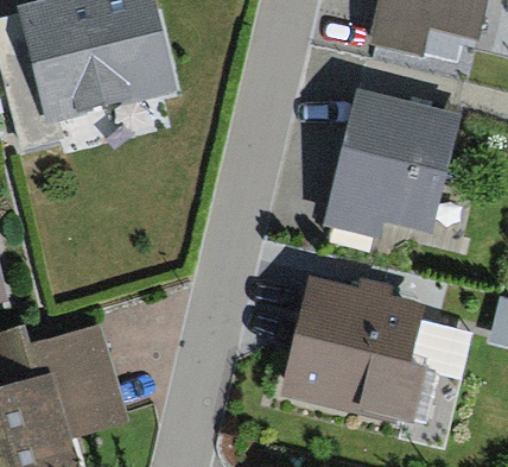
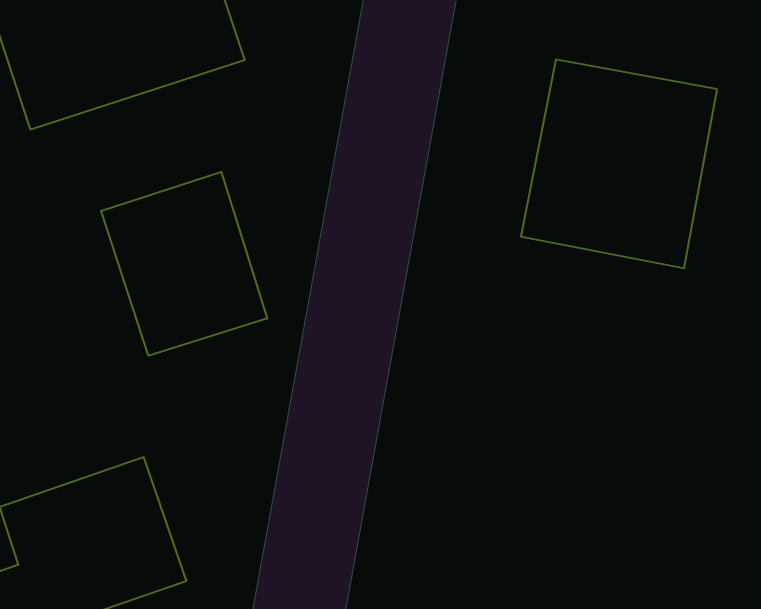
building: none -> [101,172,267,356]
building: [282,284,427,415] -> none

